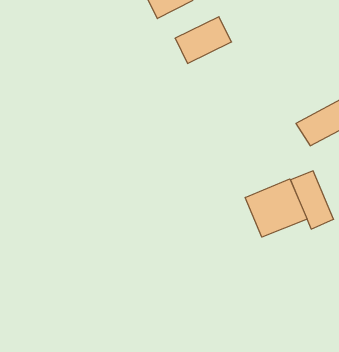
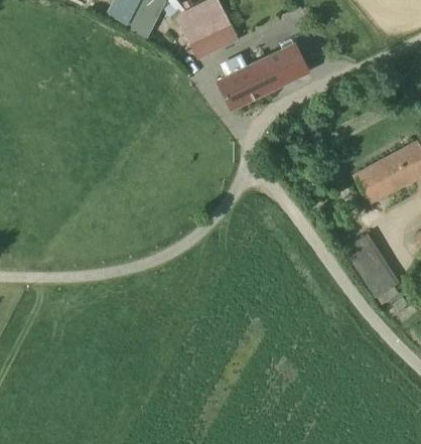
building: none -> [266,44,308,86]
building: [245,179,307,237] -> none

